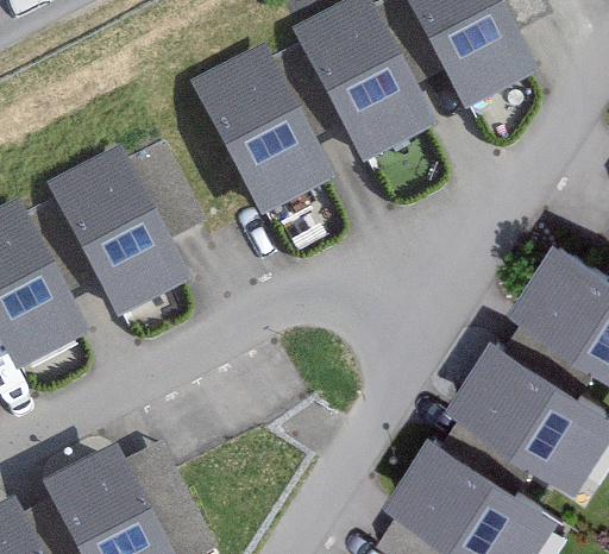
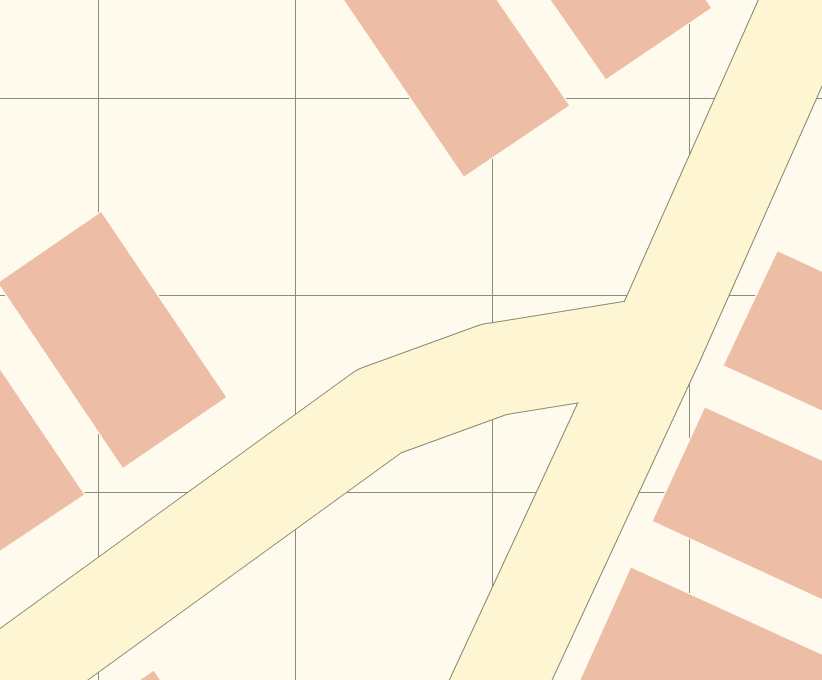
building: [194,49,333,215] -> none

